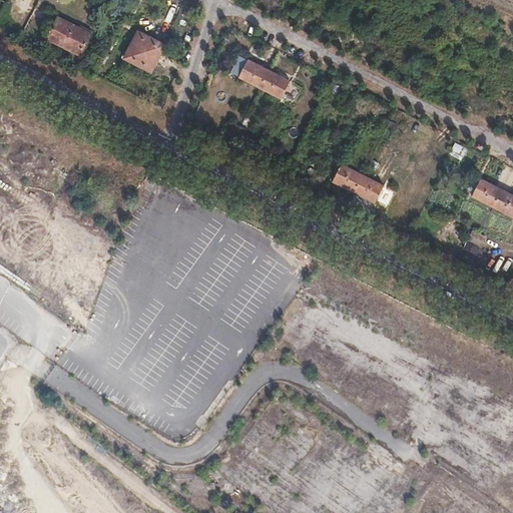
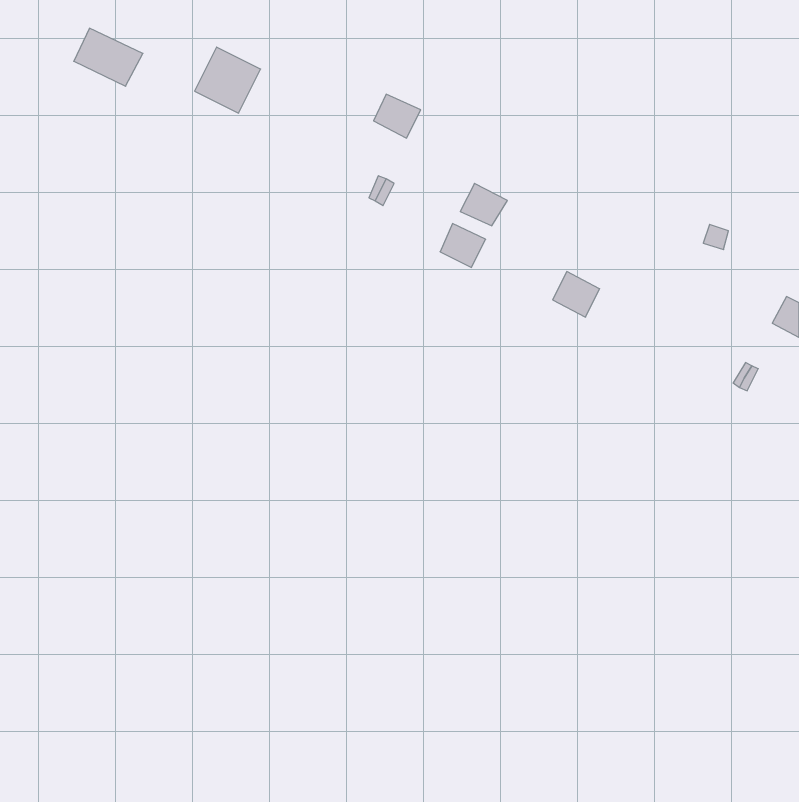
building: [260,70,290,97] -> [460,183,507,226]
building: [333,163,362,191] -> [440,224,486,267]
building: [471,178,502,206] -> none

